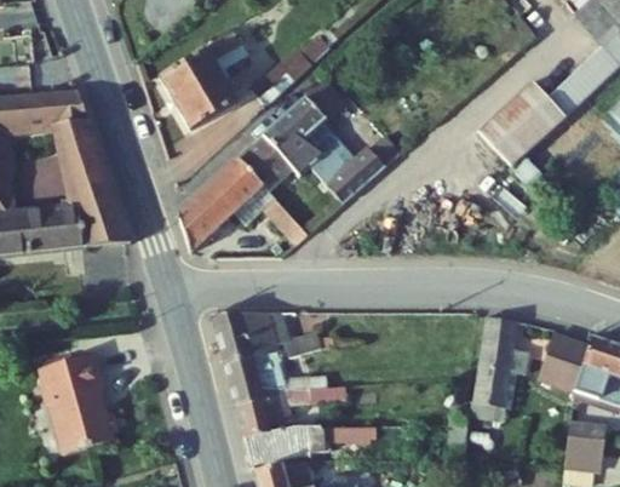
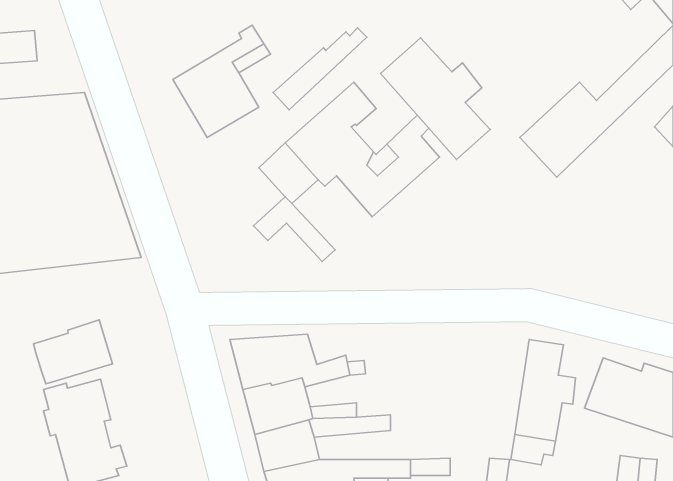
building: none -> [381,38,490,159]
building: [178,157,263,251] -> none
building: none -> [33,320,113,384]

